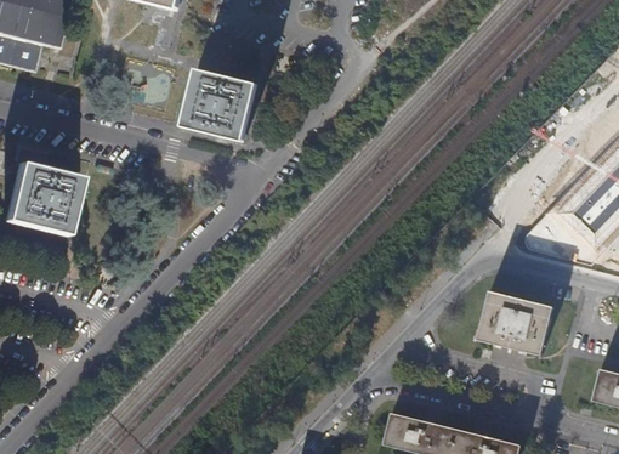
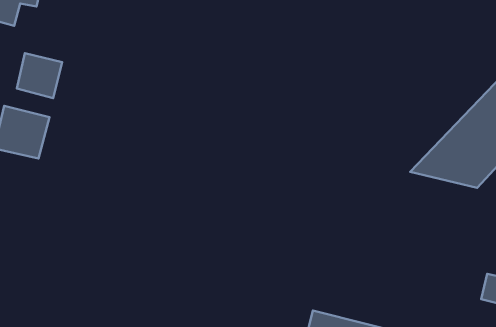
building: [188,75,254,137] -> none
building: none -> [17,53,62,98]
building: [477,290,555,356] -> none

